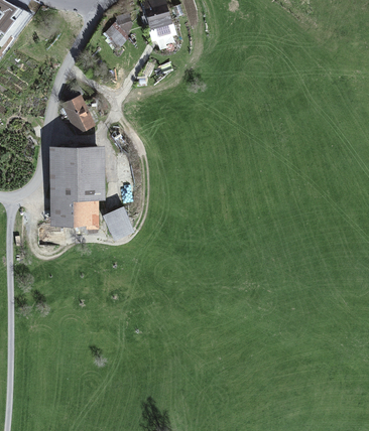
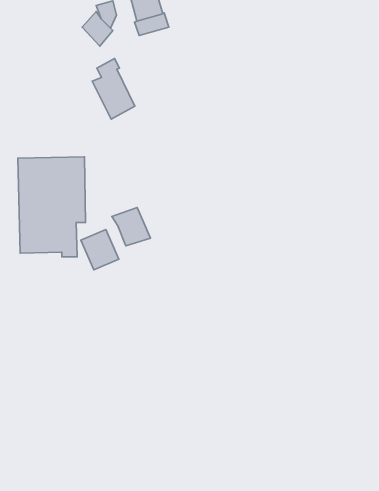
building: [59,86,96,137] -> [92,59,135,119]
building: none -> [112,207,151,246]

